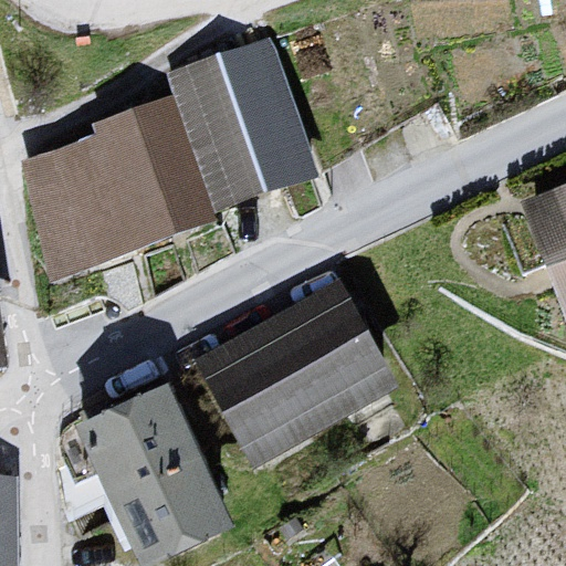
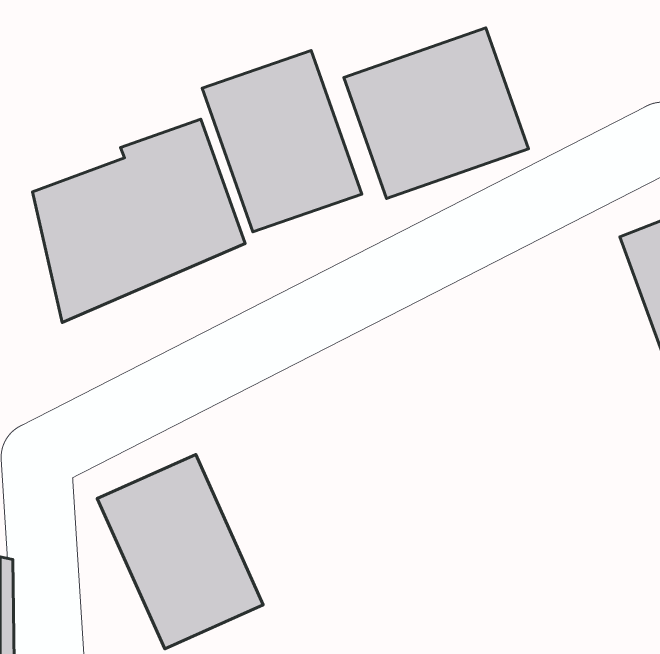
building: none -> [344,28,528,199]
building: [206,292,391,460] -> none

